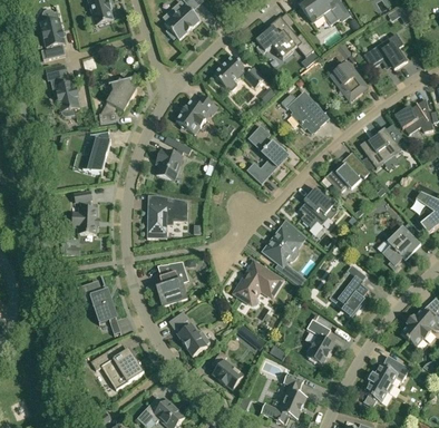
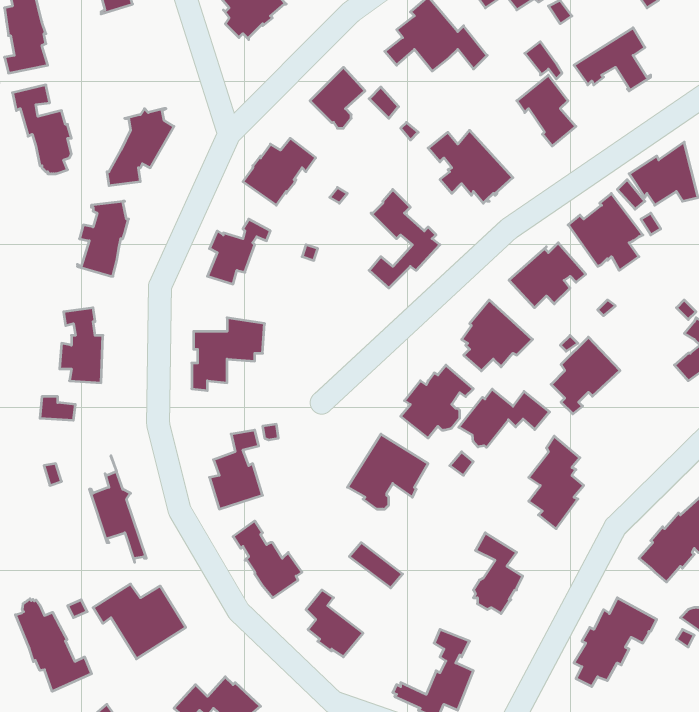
building: [381,225,420,269] -> [551,337,620,414]
building: none -> [459,389,550,447]
building: none -> [15,599,92,691]

